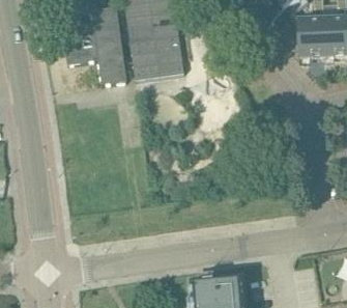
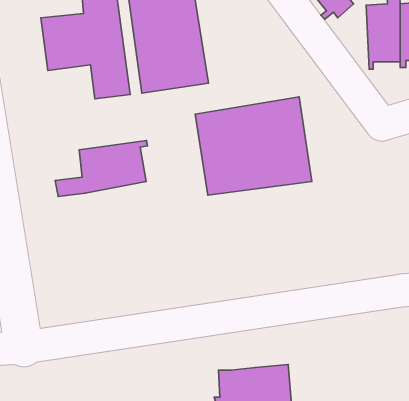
building: none -> [195,97,312,195]
building: none -> [55,140,148,197]

